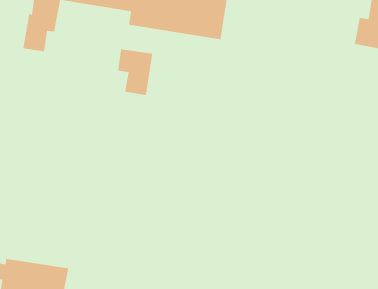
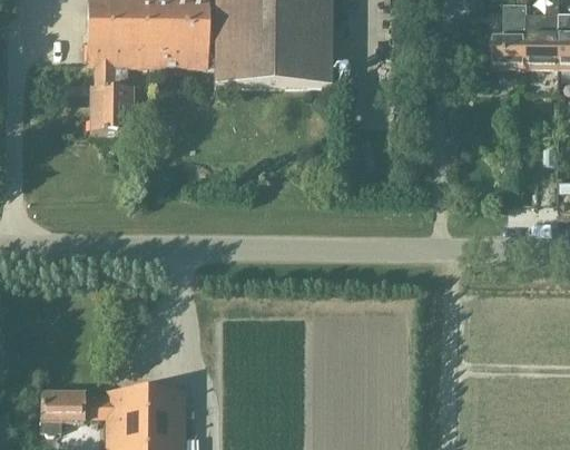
building: [117,48,153,96] -> none

